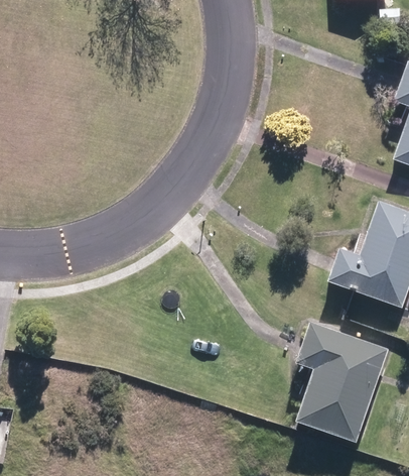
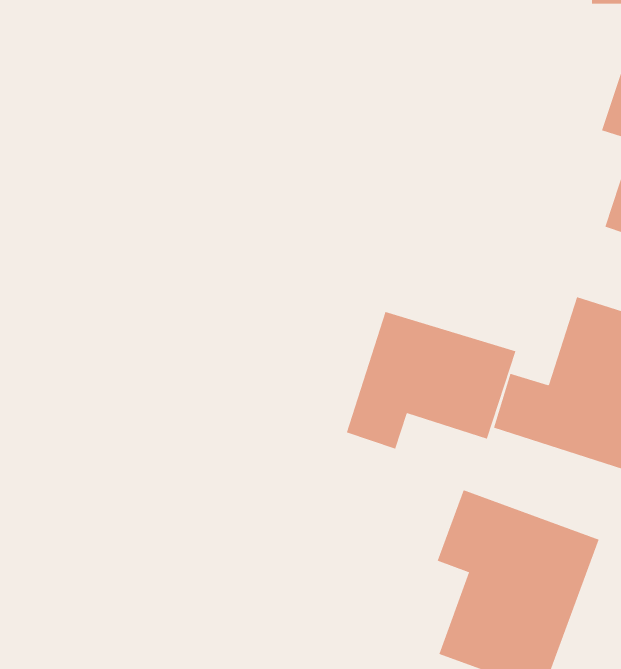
building: none -> [346,311,516,450]

